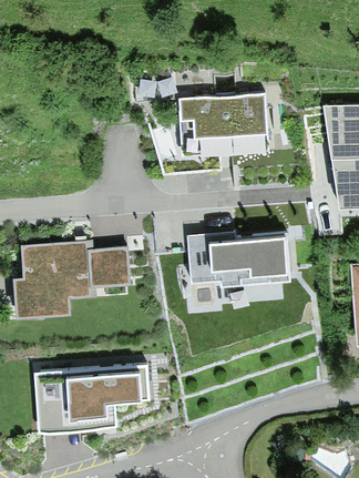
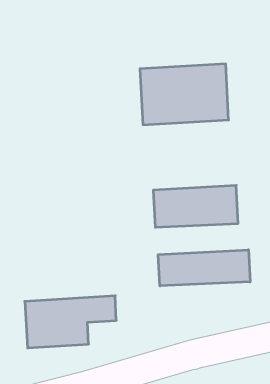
building: [16,240,129,311] -> none
building: none -> [158,250,250,286]

